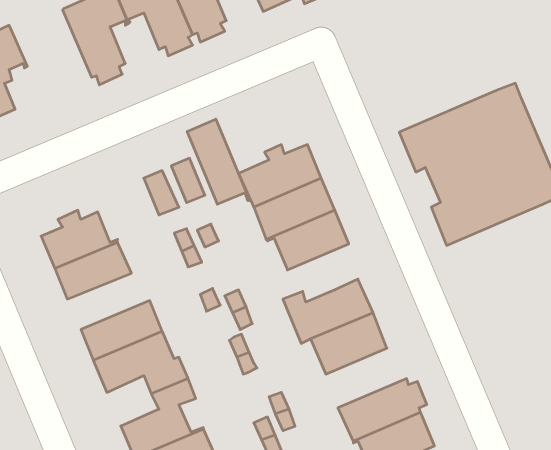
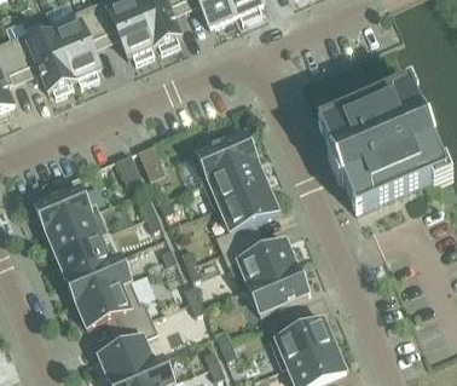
building: none -> [10,25,75,96]
building: [187,119,250,204] -> none
building: none -> [56,234,121,278]

